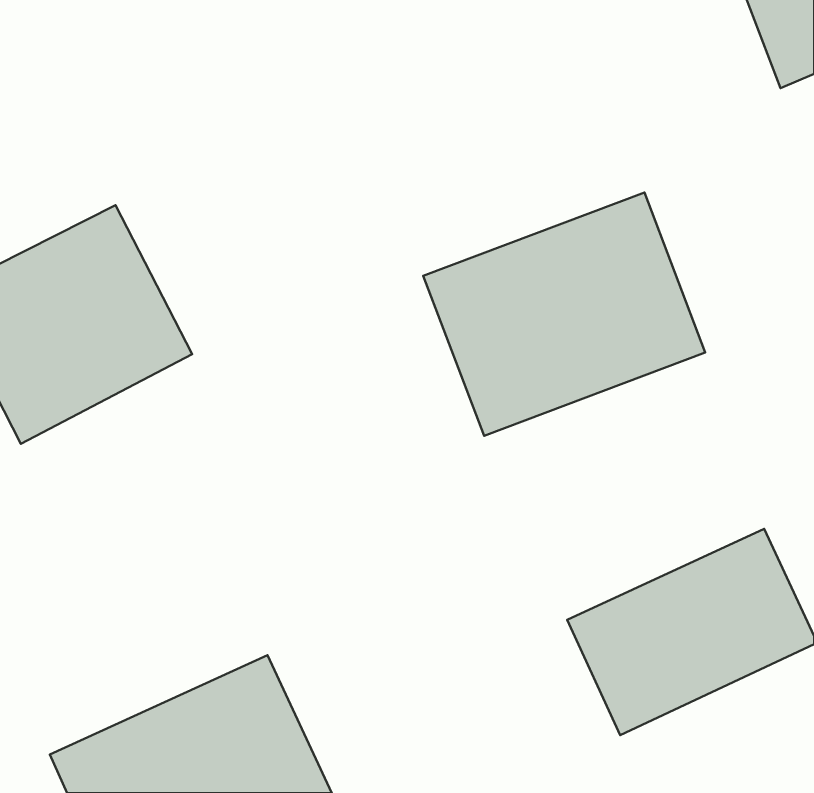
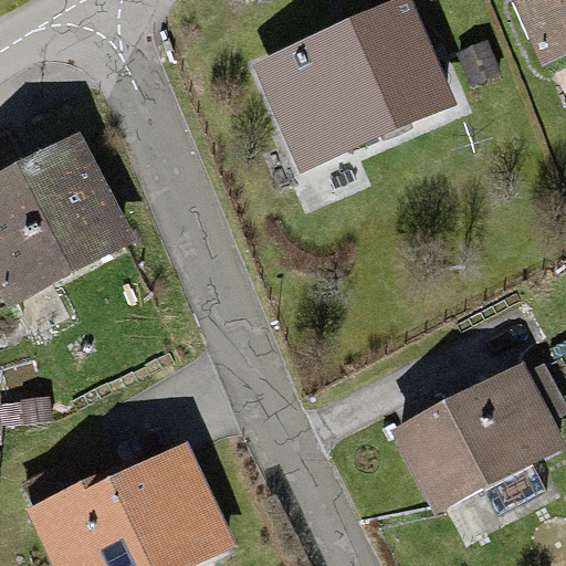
building: [423,192,705,436] -> [259,6,453,174]

